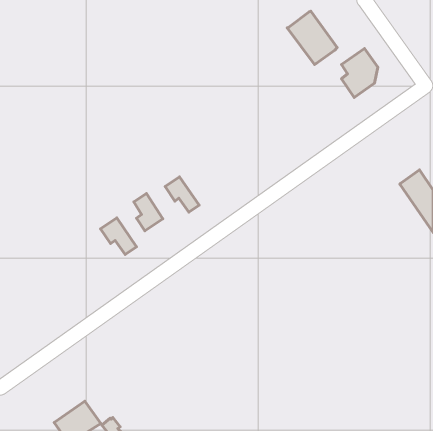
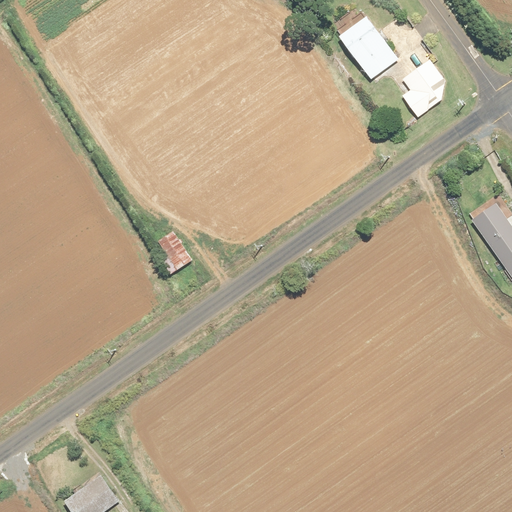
building: [165,177,199,212] -> none
building: [101,218,137,254] -> none

